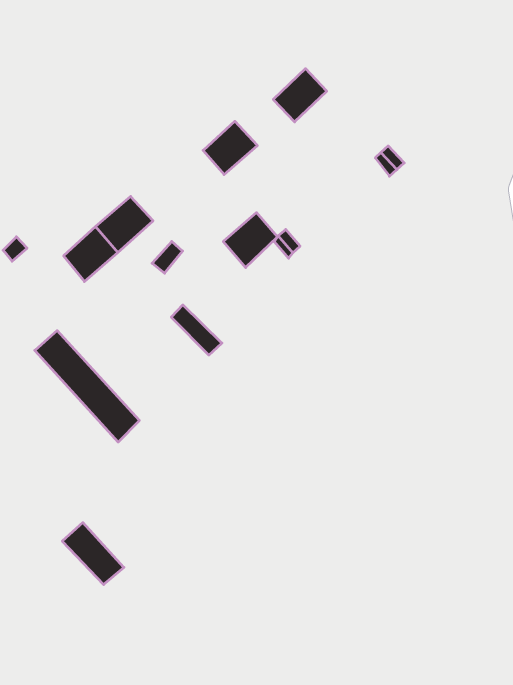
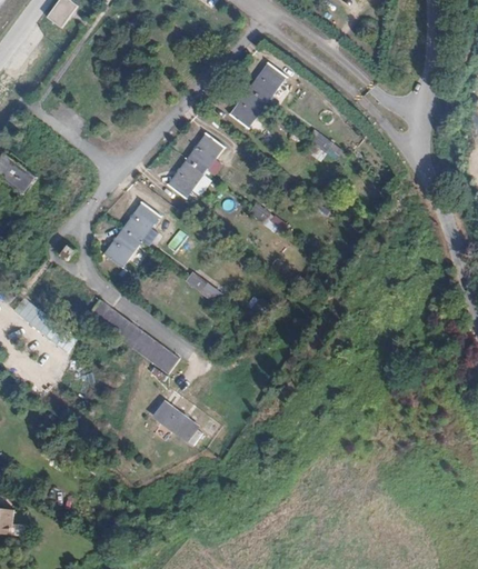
building: none -> [249,64,286,102]
building: [223,213,278,268] -> [167,159,205,199]
building: [62,523,124,585] -> [152,397,199,438]

